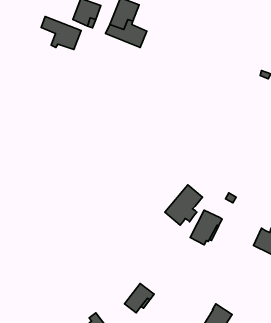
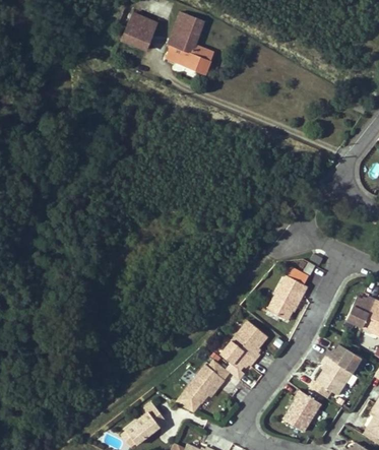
building: [41,17,81,49] -> none
building: [165,185,203,225] -> [220,321,267,371]
building: none -> [311,345,362,395]

